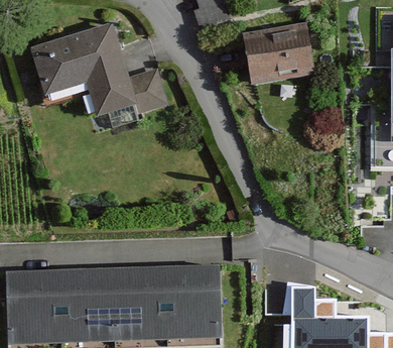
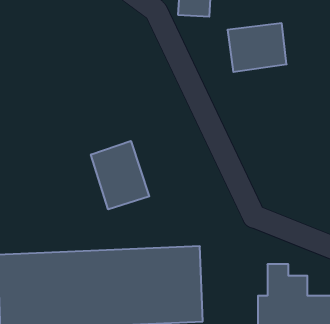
building: [35,22,169,112] -> none
building: none -> [91,141,149,209]

